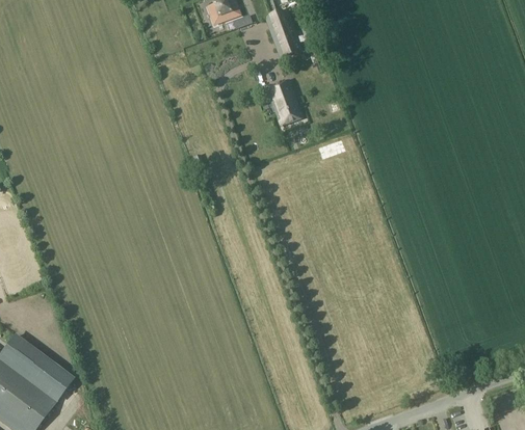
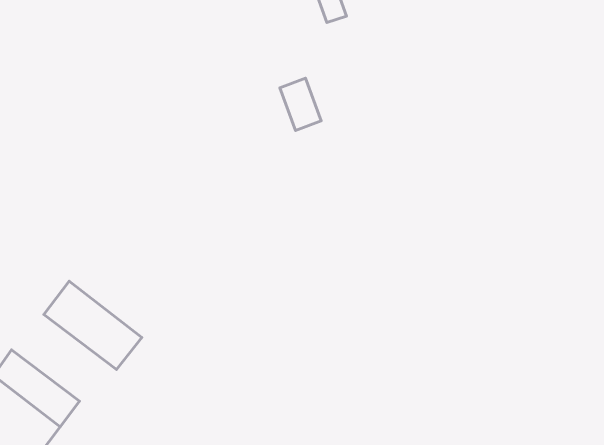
building: [267,80,303,125] -> [280,78,321,130]
building: none -> [44,281,142,369]

